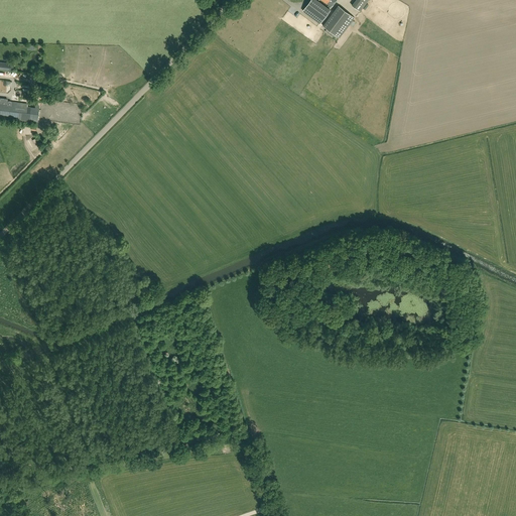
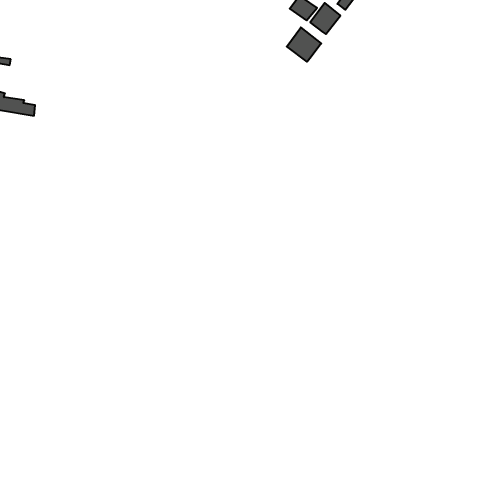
building: none -> [287,27,321,62]

